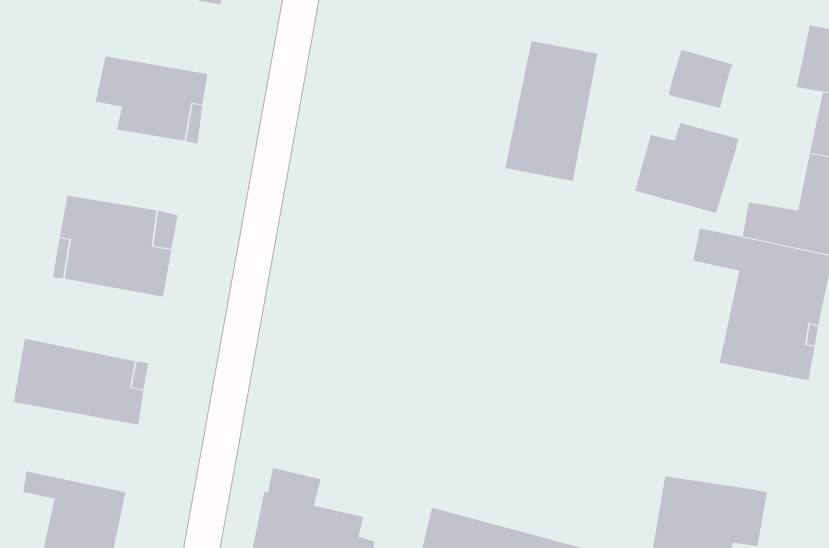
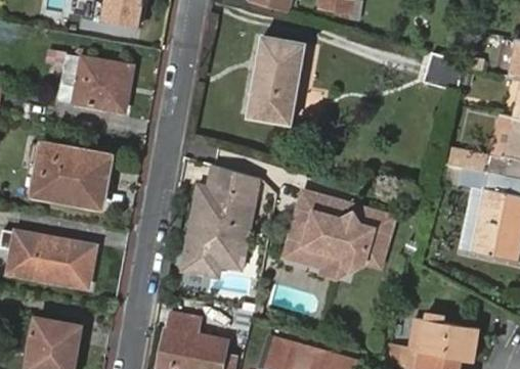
building: [505,40,598,181] -> [251,37,309,125]
building: [635,122,739,214] -> none
building: none -> [180,166,259,277]
building: none -> [285,191,393,274]

